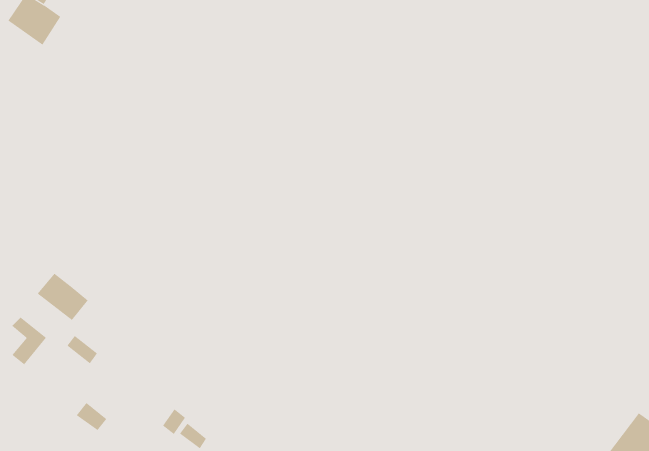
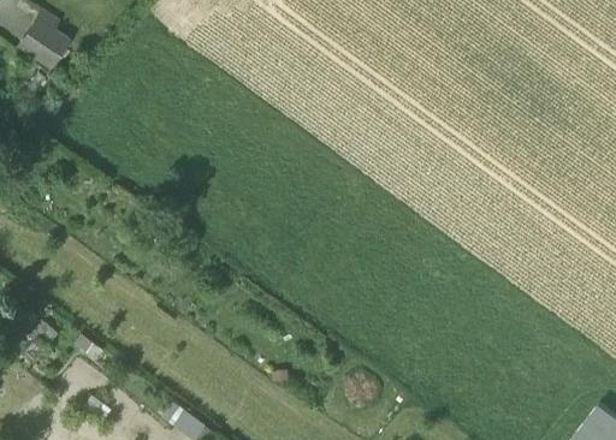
building: [37,273,89,321] -> none

